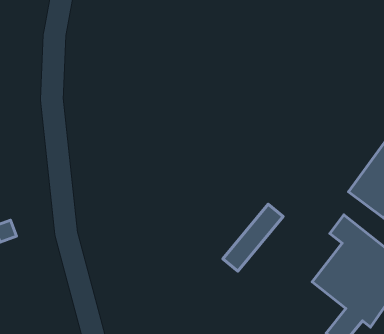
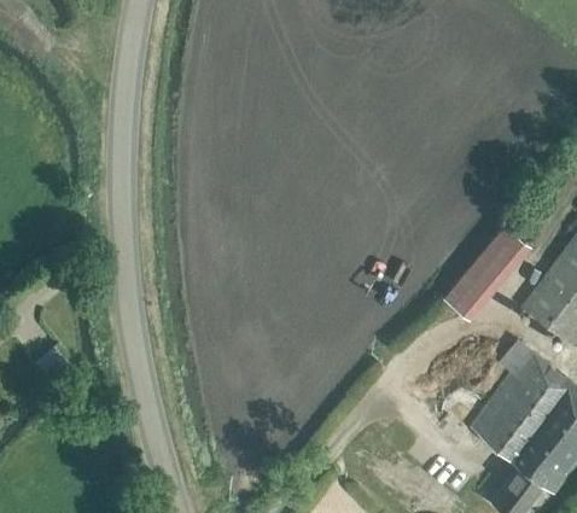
building: [223,204,283,271] -> [443,226,525,317]

